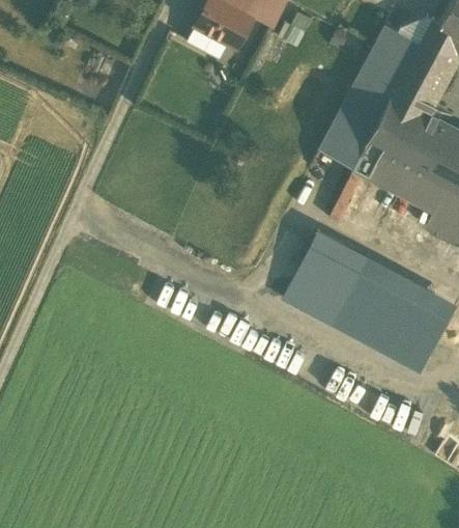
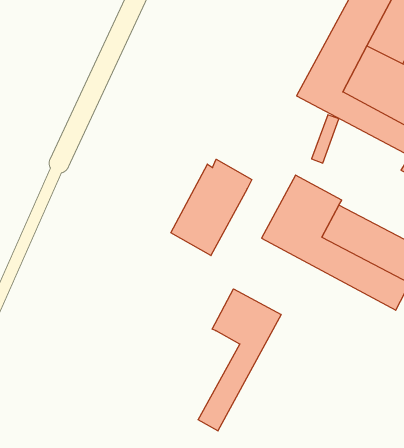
building: none -> [171,159,252,256]
building: none -> [198,289,281,431]

